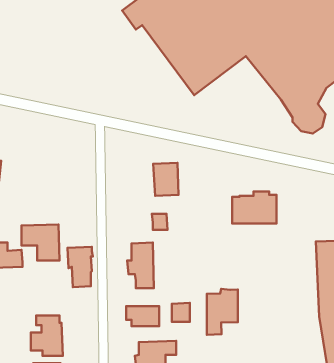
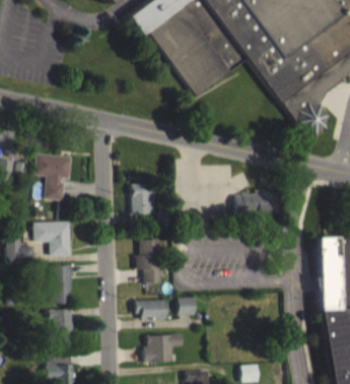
building: none -> [34,154,73,201]
building: [153,163,179,196] -> [132,184,156,215]
building: [67,247,93,287] -> [49,266,73,305]
building: [207,289,238,335] -> none

